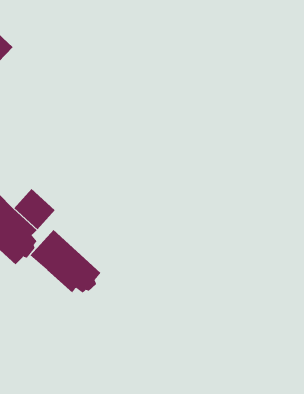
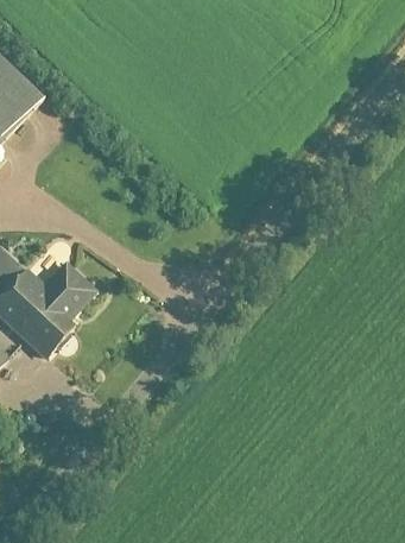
building: [29,229,101,293] -> none

